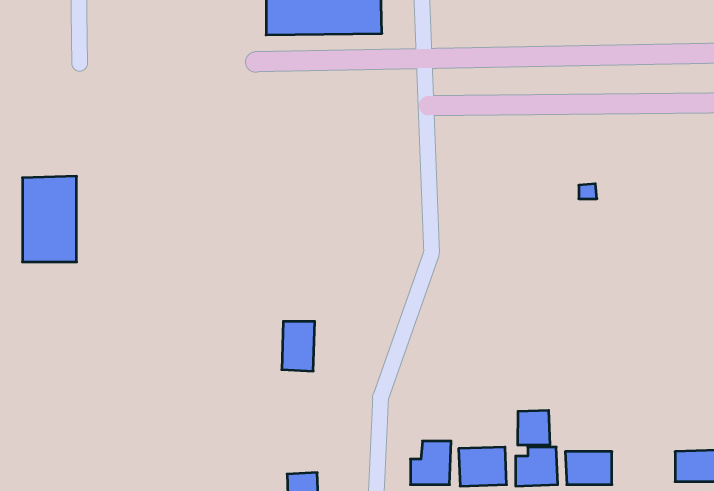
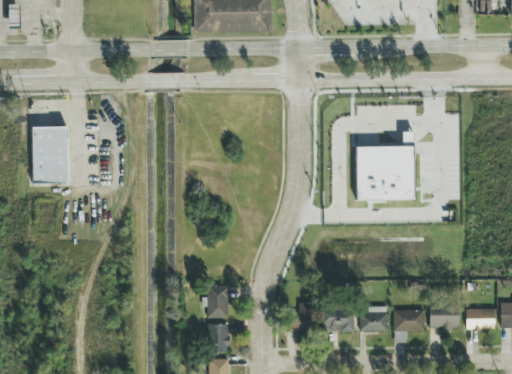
building: none -> [357,146,415,200]
building: [282,321,315,371] -> [207,285,229,318]
building: [518,410,550,445] -> none
building: none -> [429,305,460,329]

